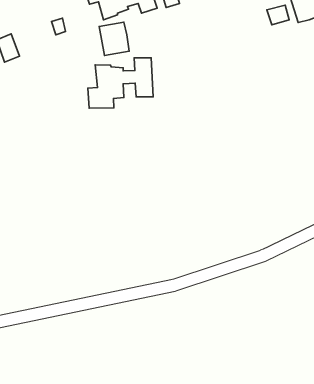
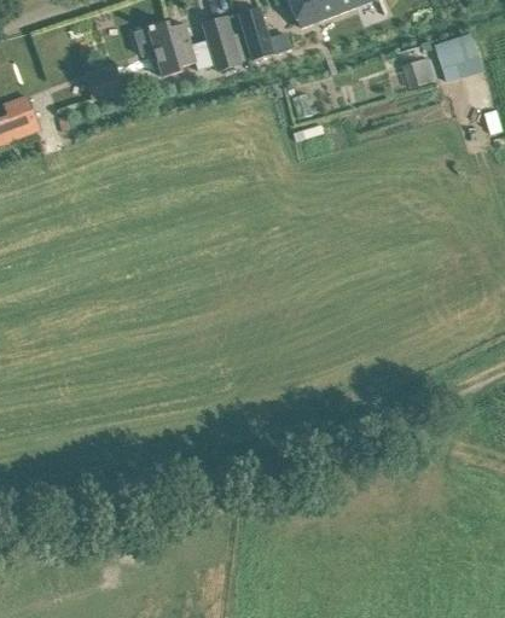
building: [99,22,129,56] -> none
building: [88,58,153,108] -> none

